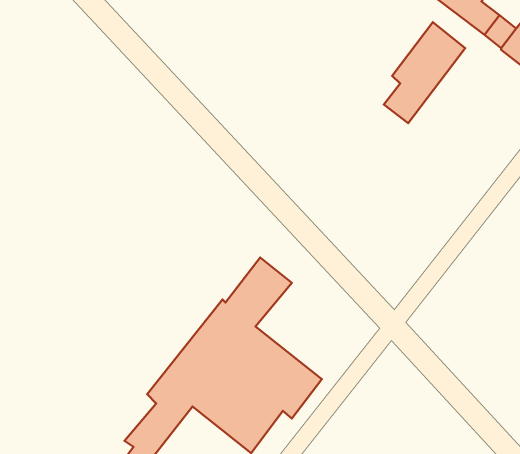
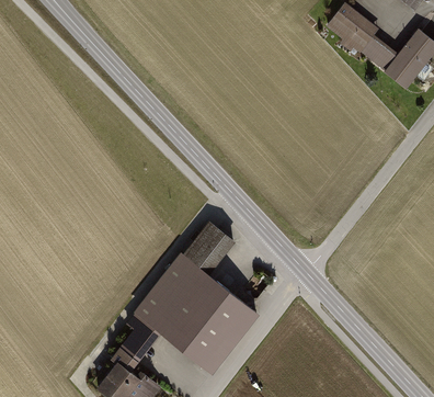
building: [384,22,465,123] -> none

